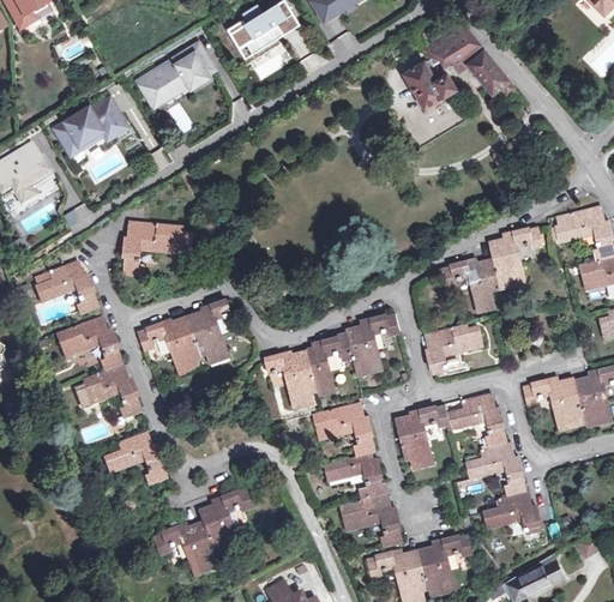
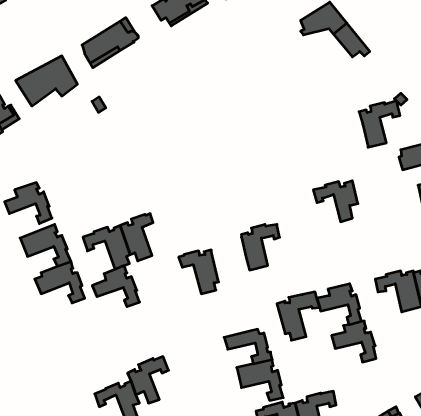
building: [404,61,457,108] -> none
building: [124,221,192,275] -> none
building: [488,227,542,288] -> [359,101,400,147]
building: [425,324,482,375] -> none
building: [307,332,353,396] -> none
building: [313,401,374,456] -> none
building: [103,431,165,484] -> [92,266,140,307]
building: [483,490,540,532] -> none

